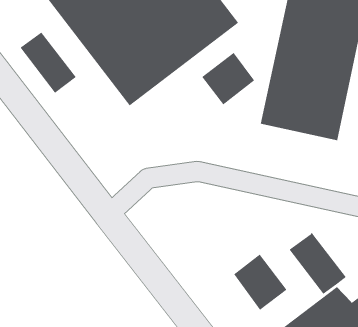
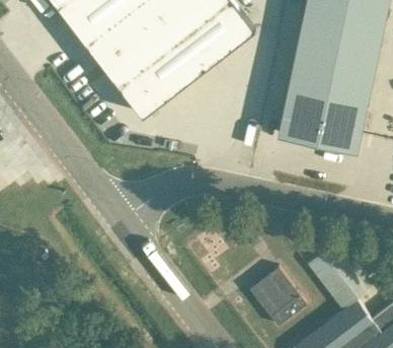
building: [19,32,77,94] -> none
building: [201,52,255,105] -> none

